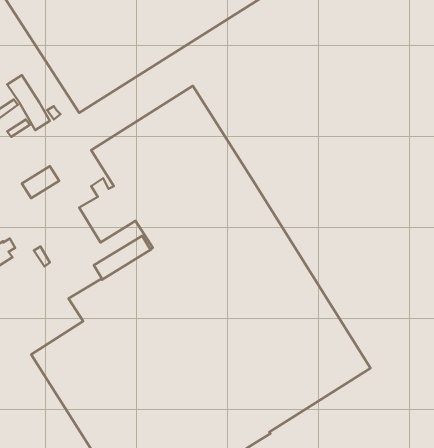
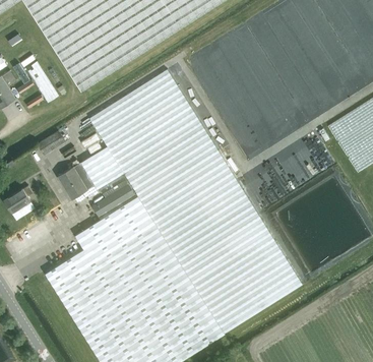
building: none -> [56,162,94,198]

